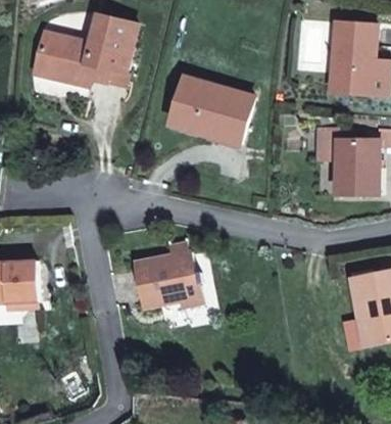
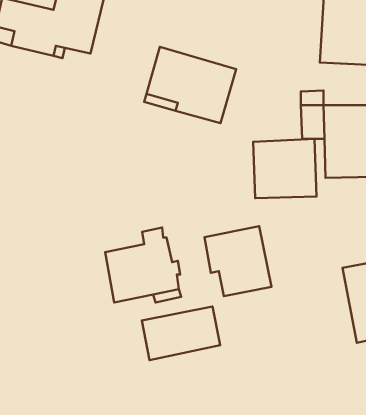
building: none -> [253,139,316,198]
building: none -> [205,226,271,296]
building: none -> [142,307,220,360]

